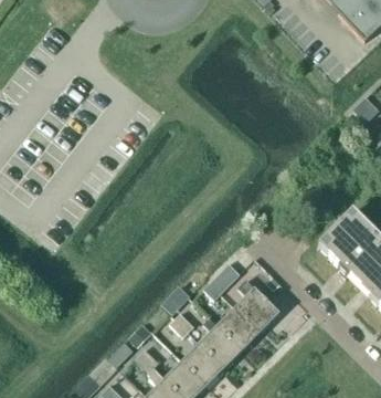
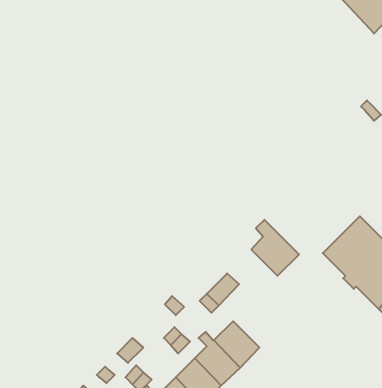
building: [236,279,281,331] -> [251,220,299,276]

